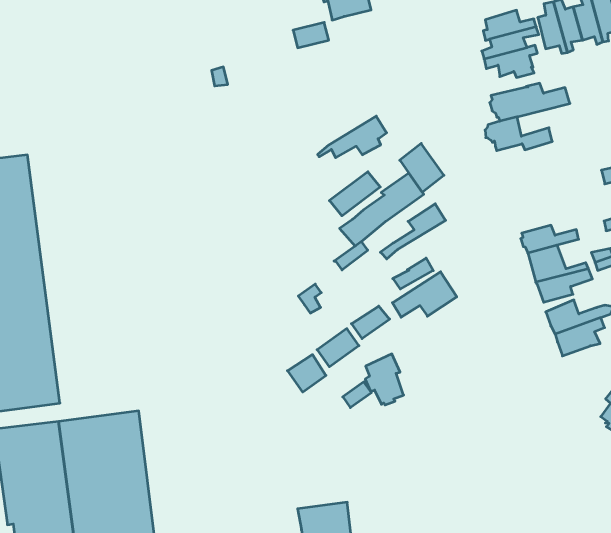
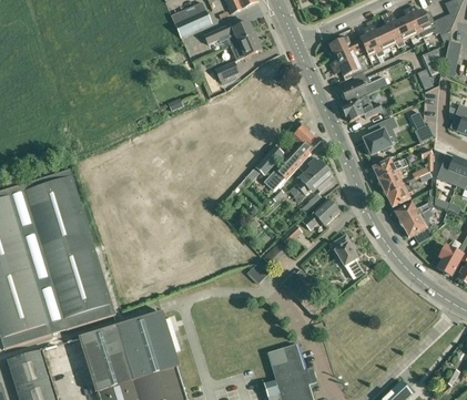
building: [318,116,387,158] -> [295,167,334,197]
building: none -> [362,117,395,155]
building: [365,354,404,405] -> [332,235,357,266]

